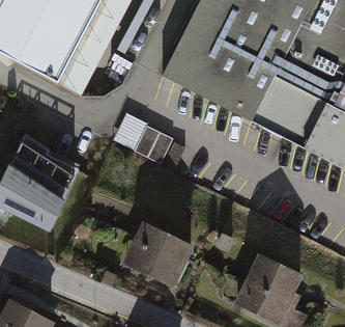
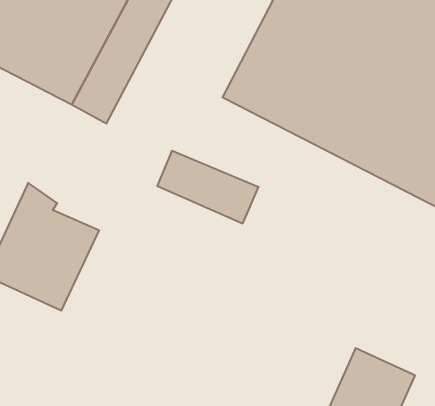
building: [125,222,192,284] -> none

